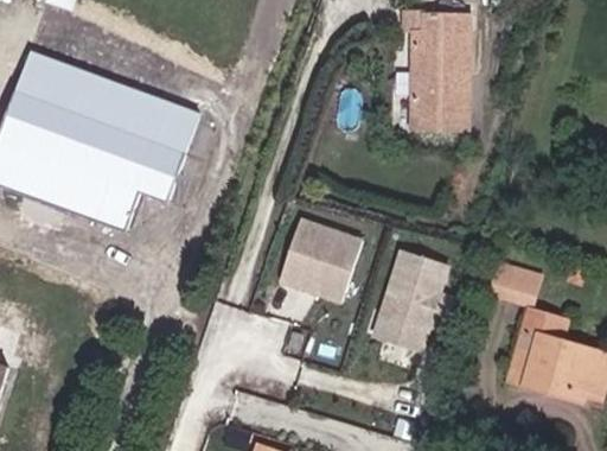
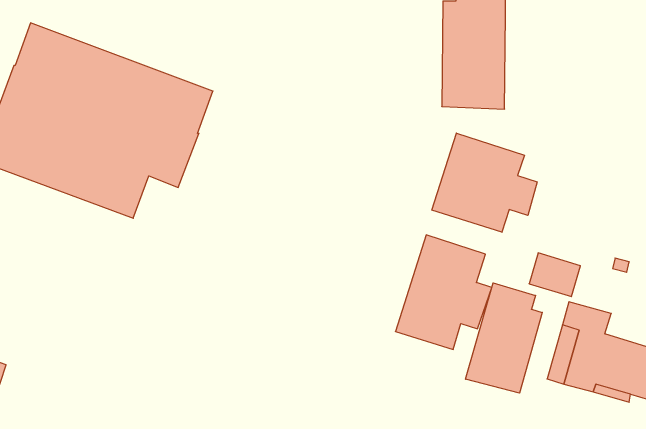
building: none -> [432,133,537,232]
building: [275,216,364,305] -> none
building: none -> [466,283,542,393]

